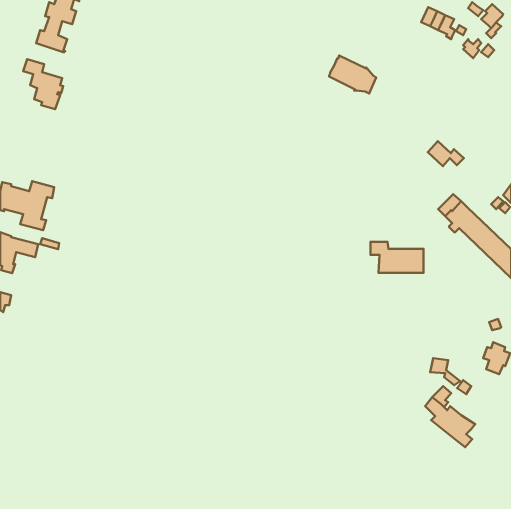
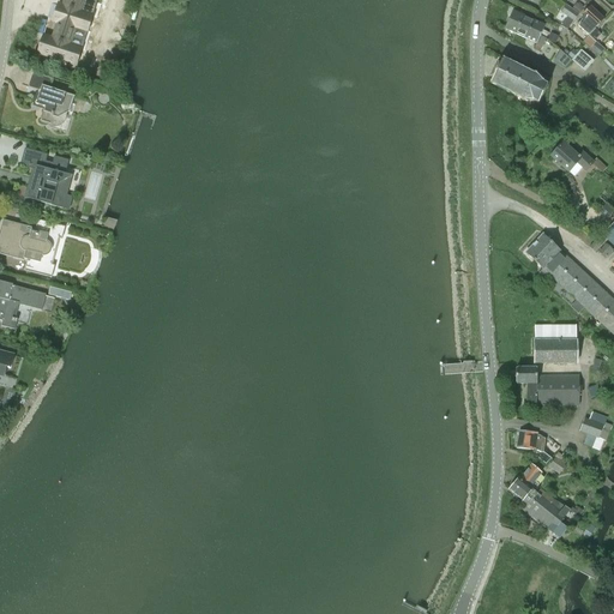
building: [329,55,376,93] -> [490,56,547,102]
building: none -> [22,148,72,207]
building: [428,141,464,166] -> [550,140,594,170]
building: [371,242,424,273] -> [516,366,579,403]
building: none -> [534,324,576,361]

